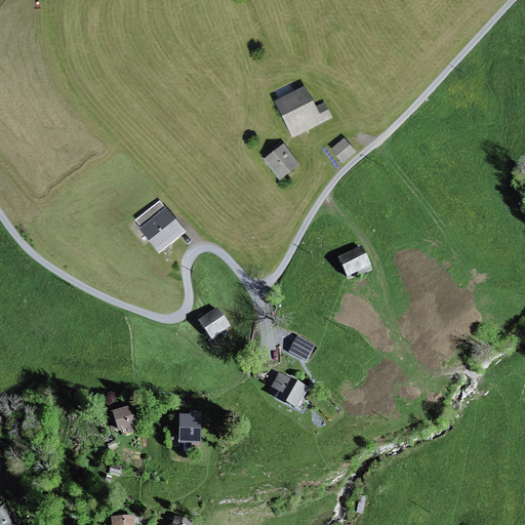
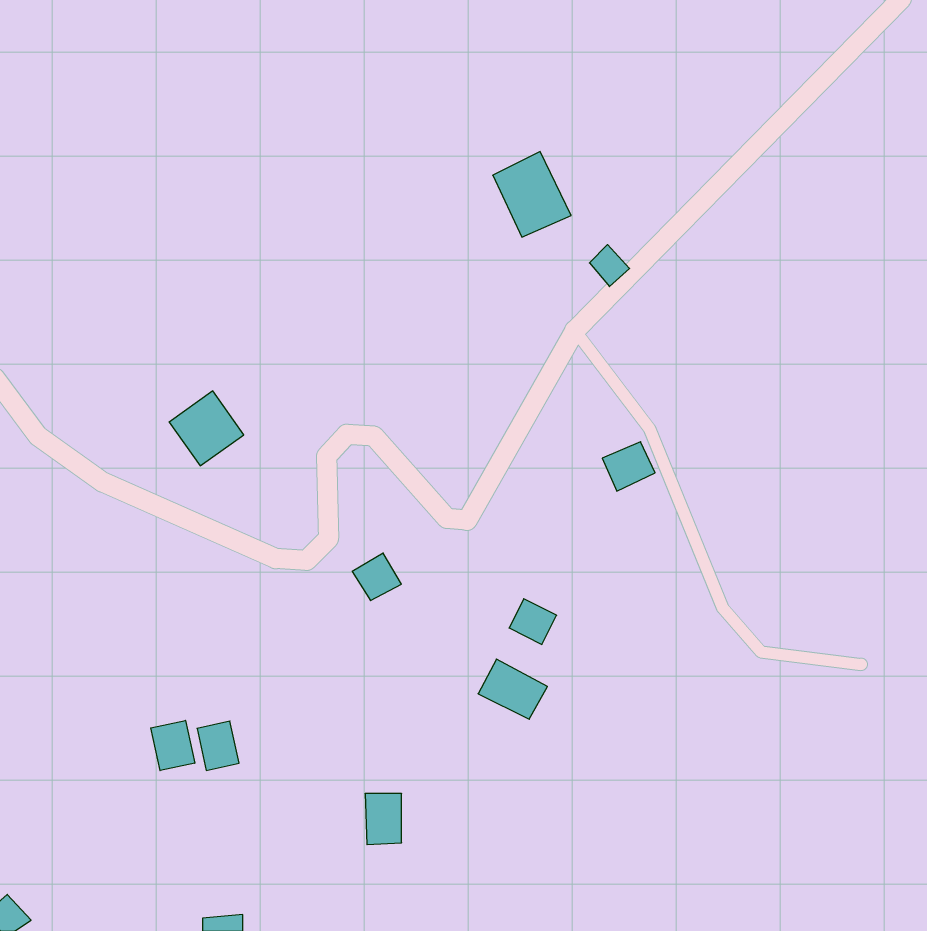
building: [264,145,298,179] -> none
building: [139,209,181,251] -> [169,391,244,466]
building: none -> [151,720,195,771]
building: [178,411,199,440] -> [365,794,402,845]

